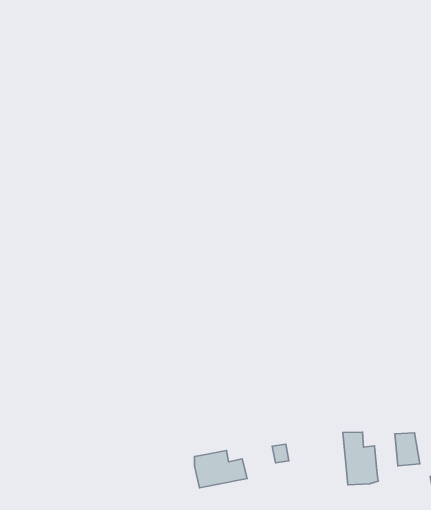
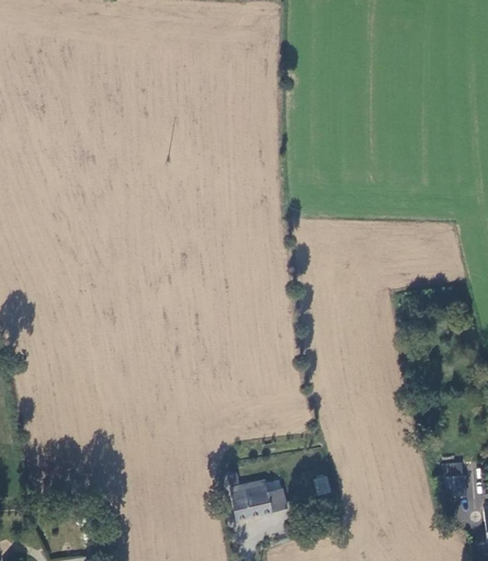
building: [343,432,378,485] -> none

